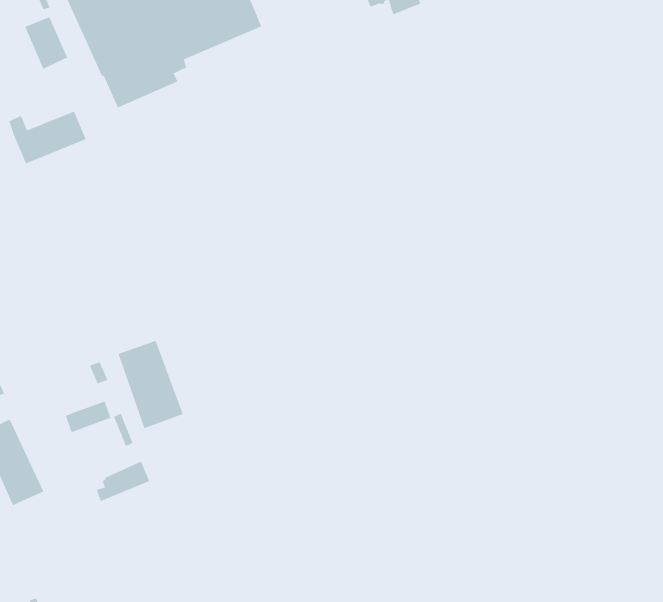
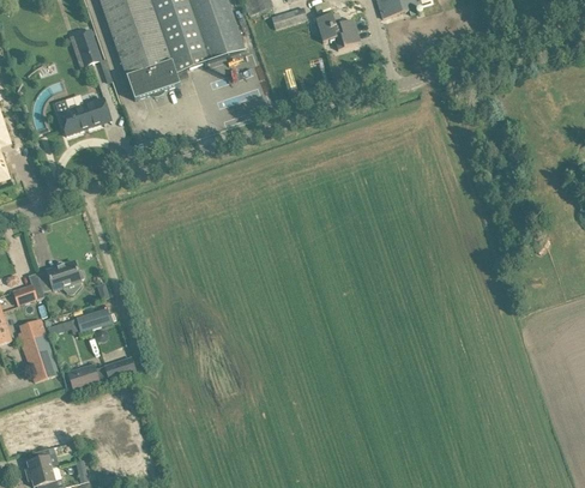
building: none -> [46,259,83,288]
building: [117,340,184,429] -> none
building: none -> [66,362,98,390]

